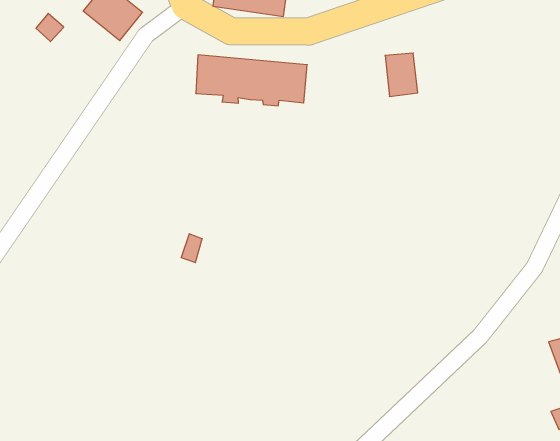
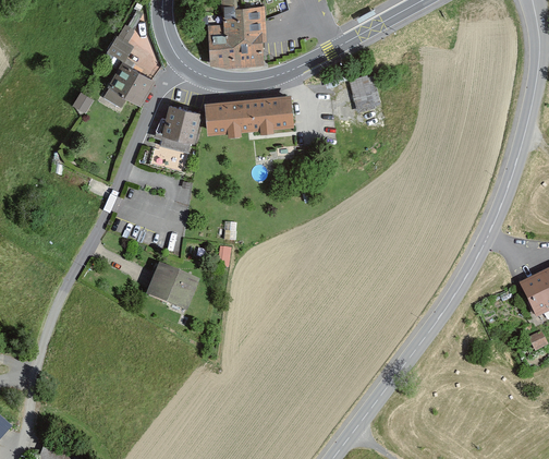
building: none -> [160,104,200,142]
building: none -> [146,264,199,312]

